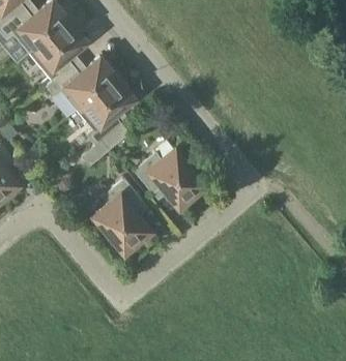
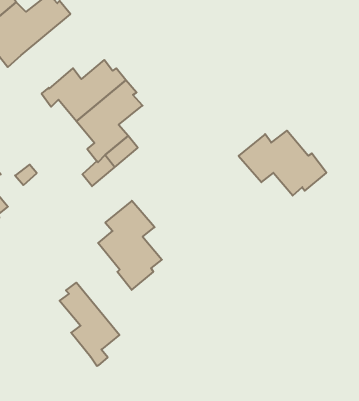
building: [30,19,86,83] -> none
building: [135,149,210,205] -> [239,131,326,196]
building: none -> [60,283,119,366]

